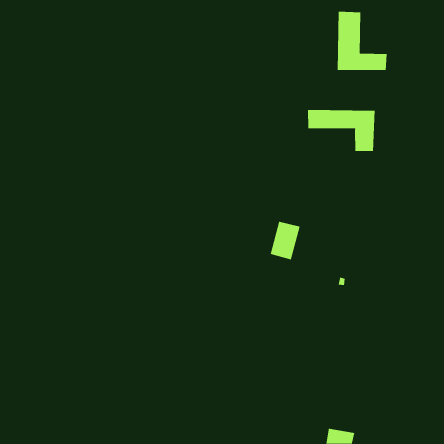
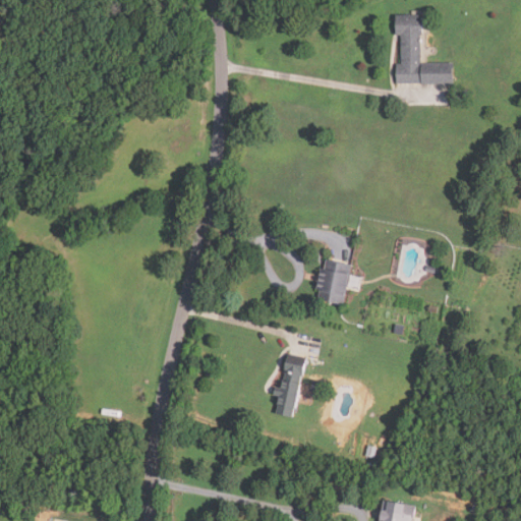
building: [308,109,375,152] -> none
building: none -> [276,356,304,417]

